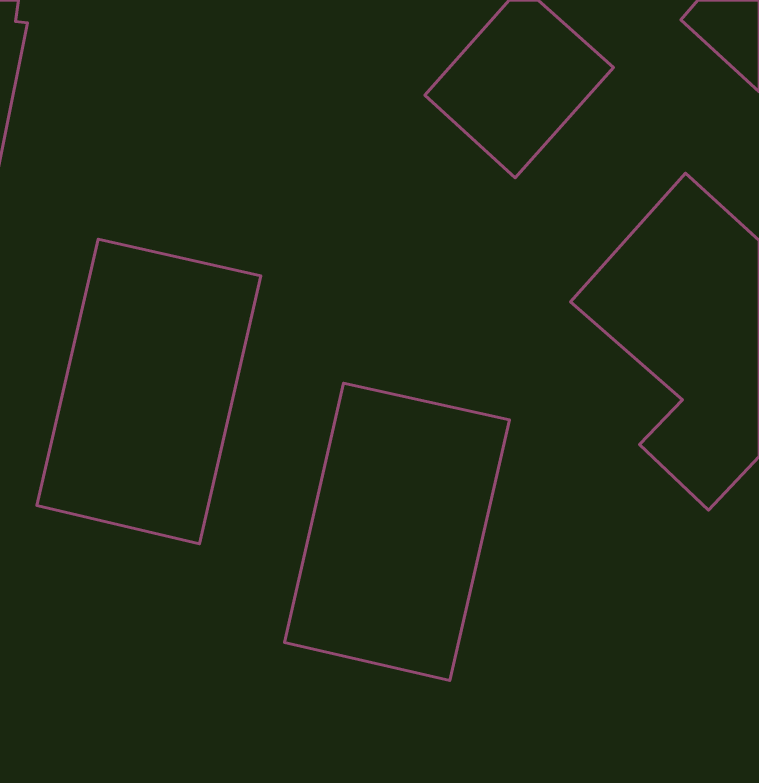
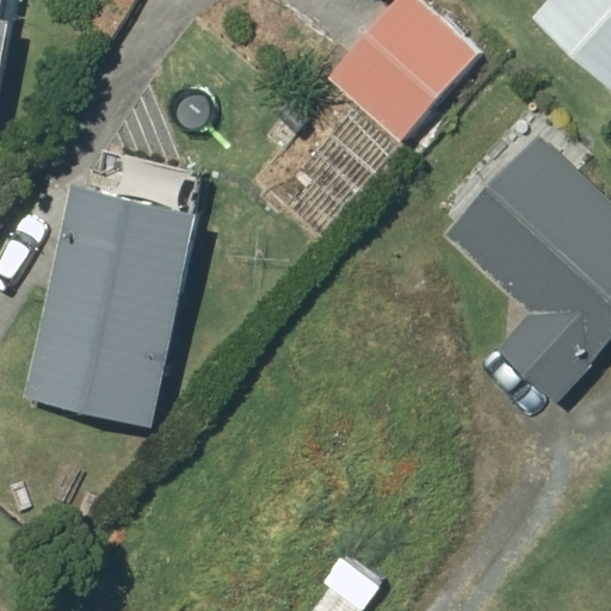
building: [285,383,510,681] -> none

